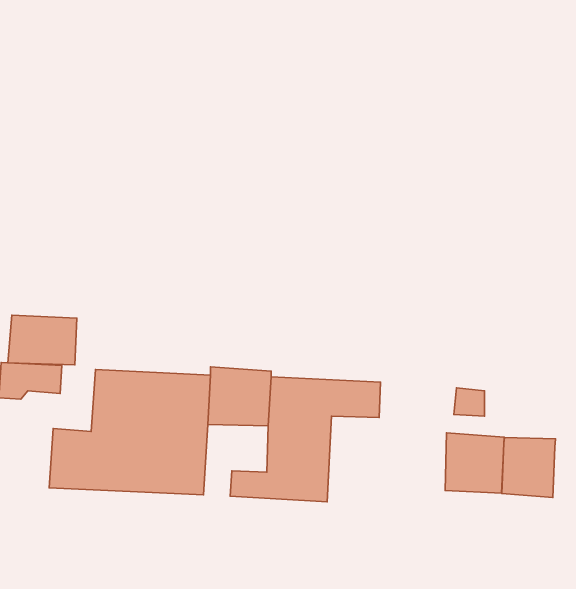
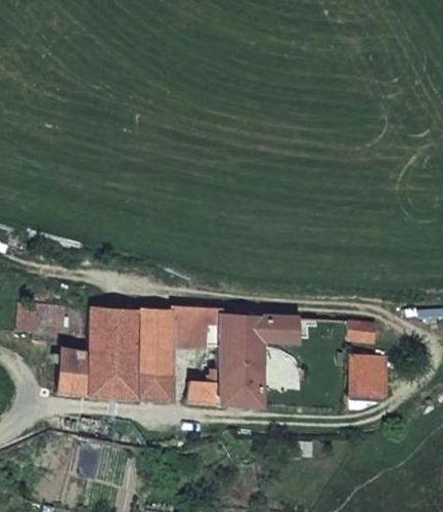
building: [8,315,77,365] -> none
building: [502,437,556,498] -> none

